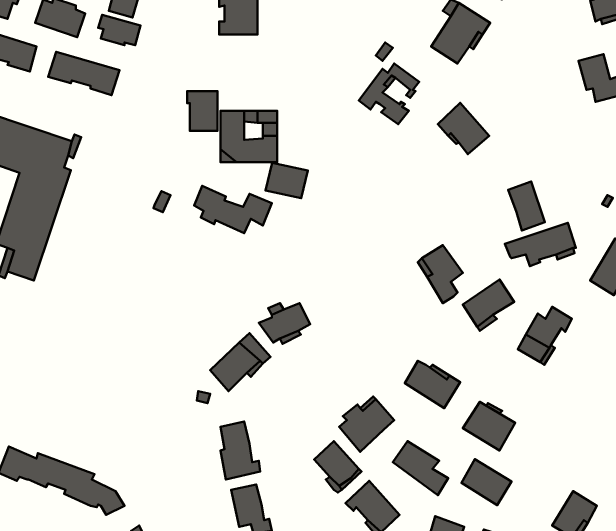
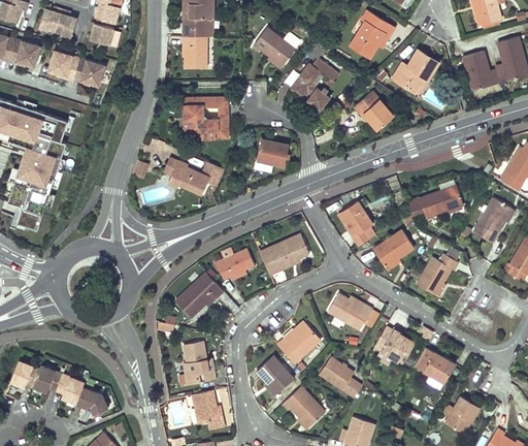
building: none -> [254,27,295,66]
building: none -> [391,50,437,96]
building: [187,91,217,131] -> [183,37,206,68]
building: [266,163,308,198] -> [256,138,289,166]
building: [508,181,545,231] -> none
building: none -> [260,233,309,275]
building: [462,459,512,505] -> [416,347,455,383]

